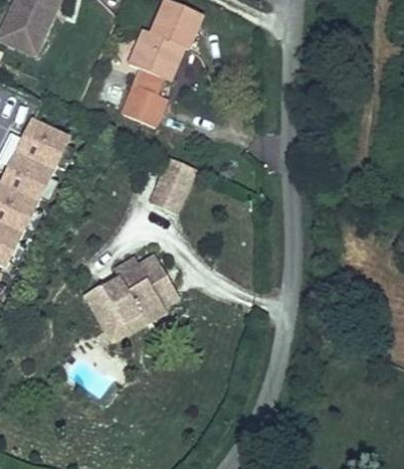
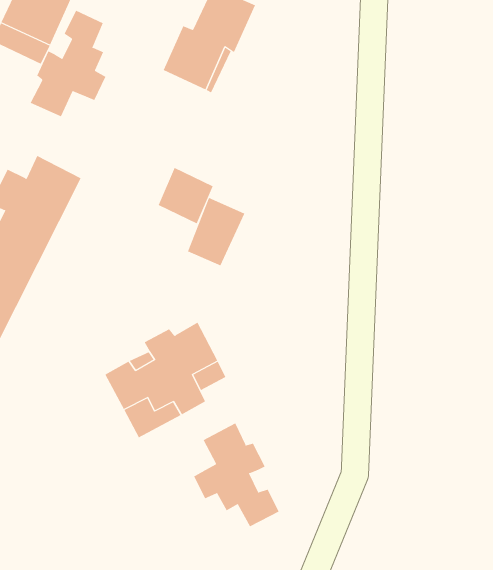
building: none -> [30,10,106,117]
building: [120,83,161,125] -> [158,167,213,224]
building: none -> [193,422,279,527]

